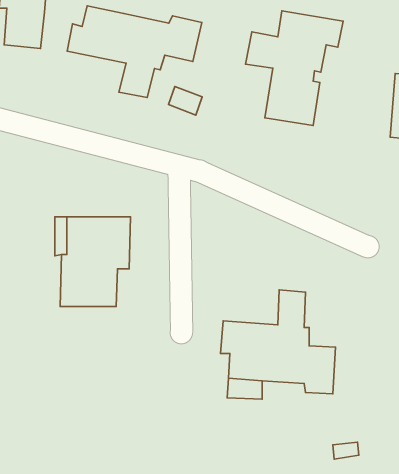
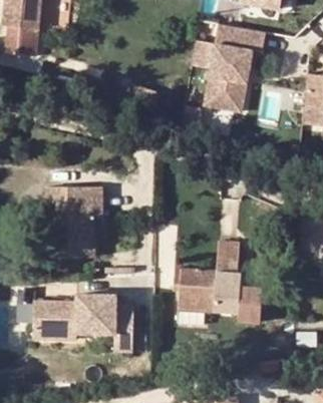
building: [67,6,202,97] -> none
building: none -> [33,294,133,350]

